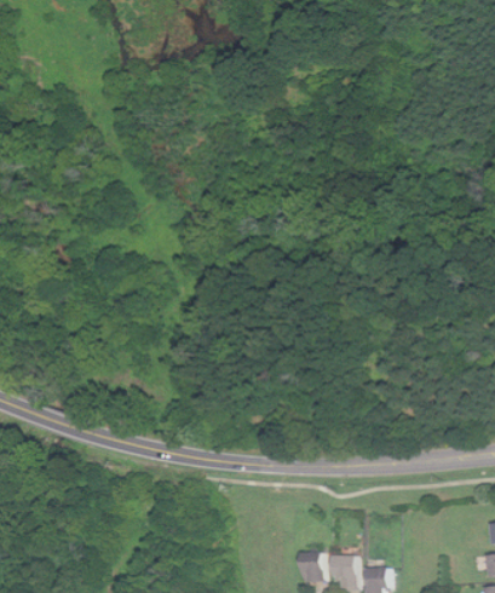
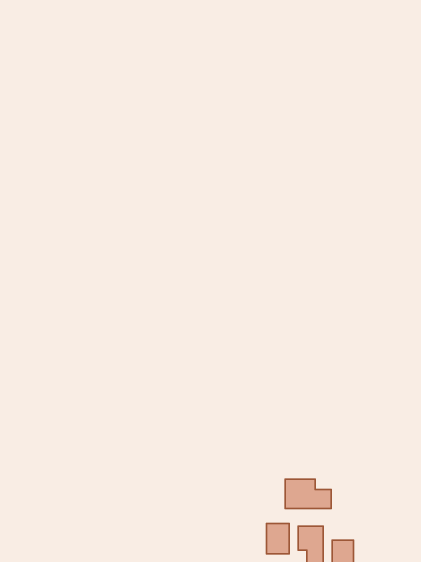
building: none -> [285,479,331,508]

